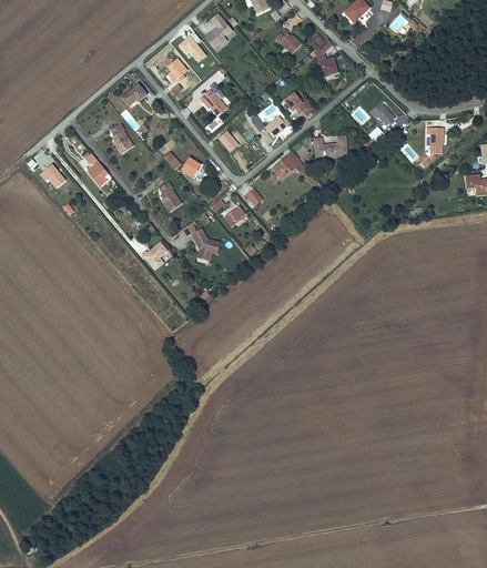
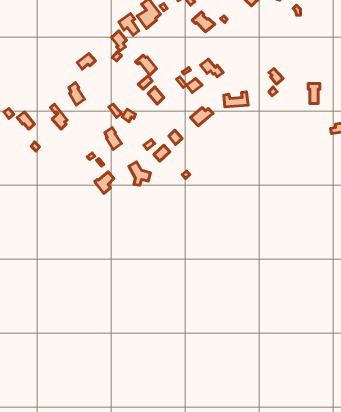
building: [316,42,339,78] -> none

